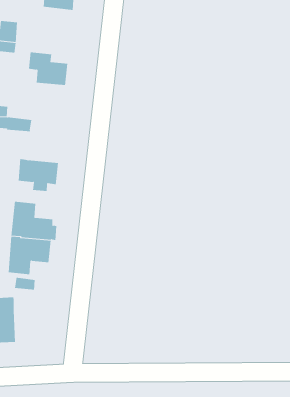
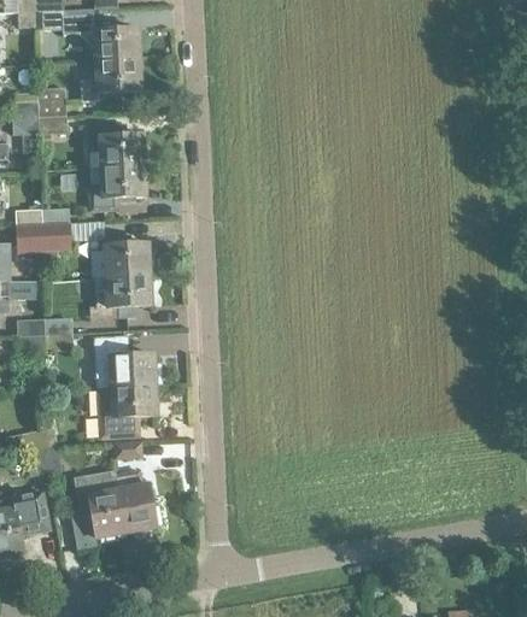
building: none -> [80,59,140,100]
building: none -> [90,165,146,208]
building: none -> [104,234,150,276]
building: none -> [116,469,157,531]

